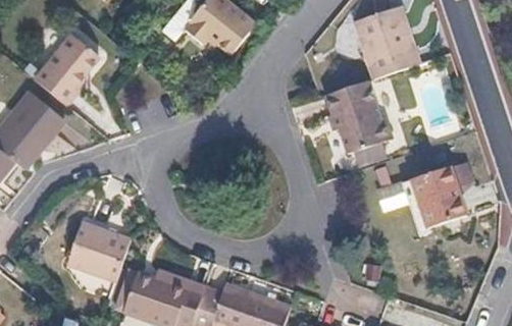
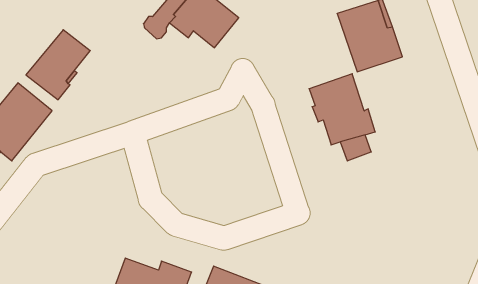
building: [410,154,465,214] -> none
building: [68,219,132,279] -> none

